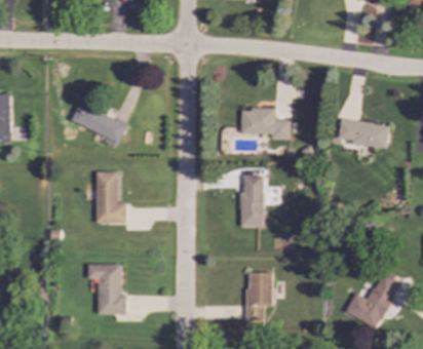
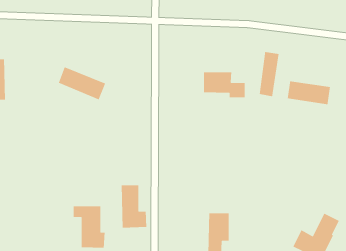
building: none -> [259,51,280,97]
building: [95,172,126,224] -> [121,184,147,229]
building: [240,176,262,227] -> none

